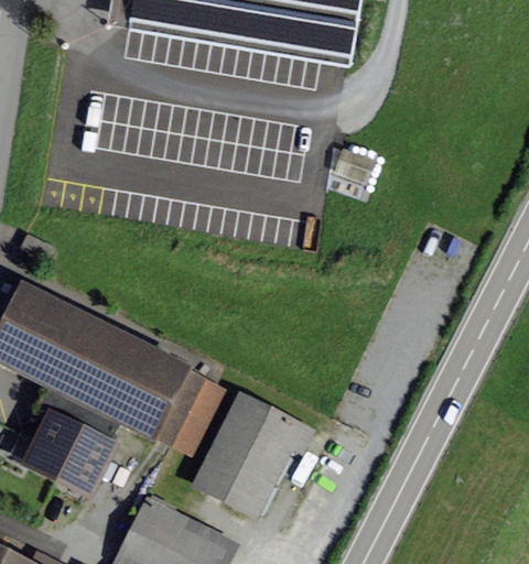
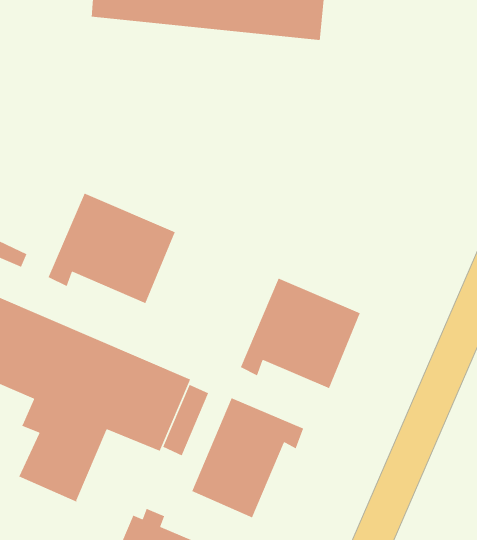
building: none -> [48,192,176,304]
building: none -> [240,278,361,389]

